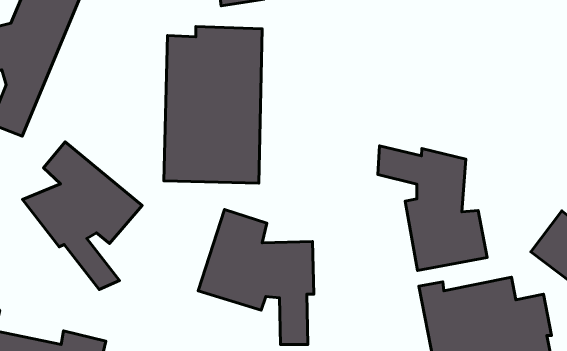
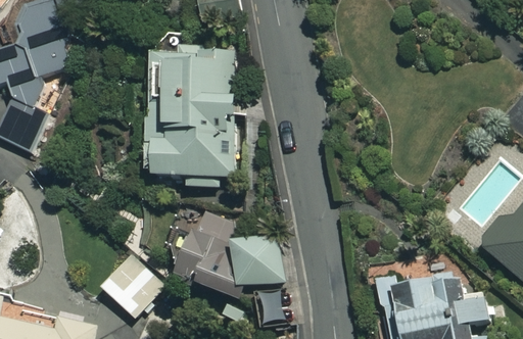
building: [23,142,142,290] -> none
building: [378,146,487,271] -> none
building: none -> [99,253,163,317]

